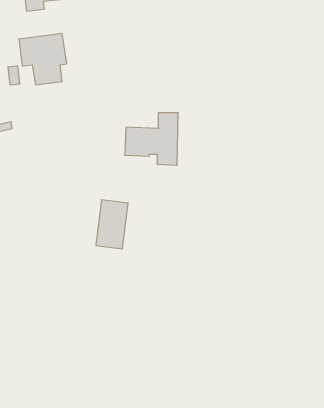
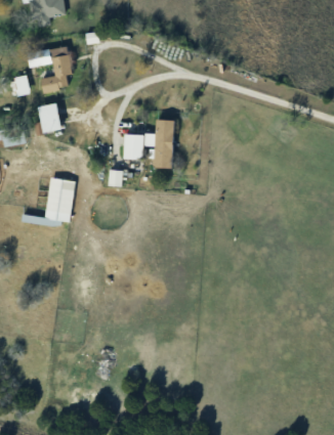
building: none -> [42,103,61,131]
building: [96,200,128,249] -> [45,176,75,221]

